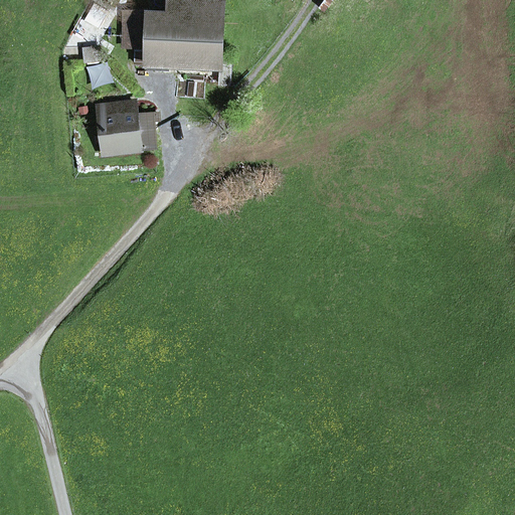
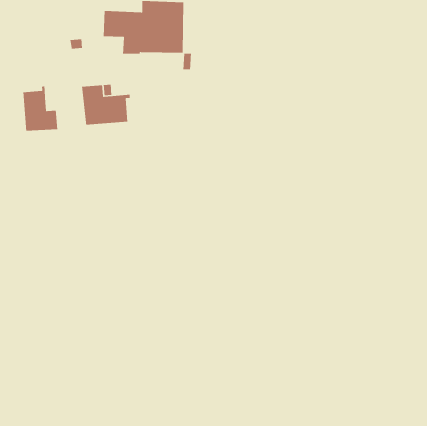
building: none -> [22,86,58,131]

